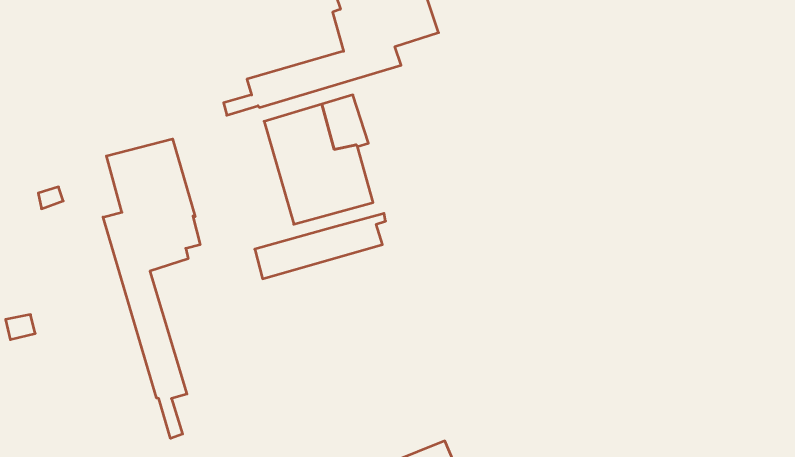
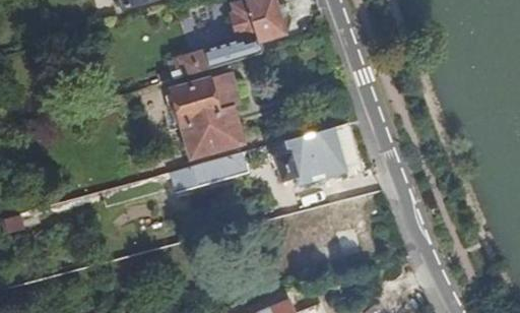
building: [103,139,200,438] -> none
building: none -> [277,124,354,185]

